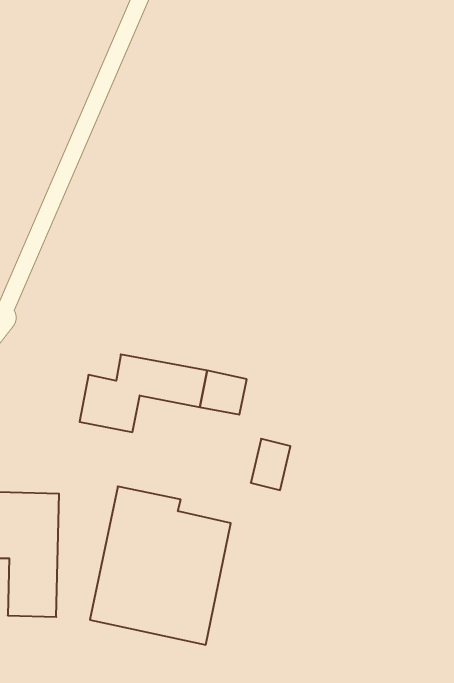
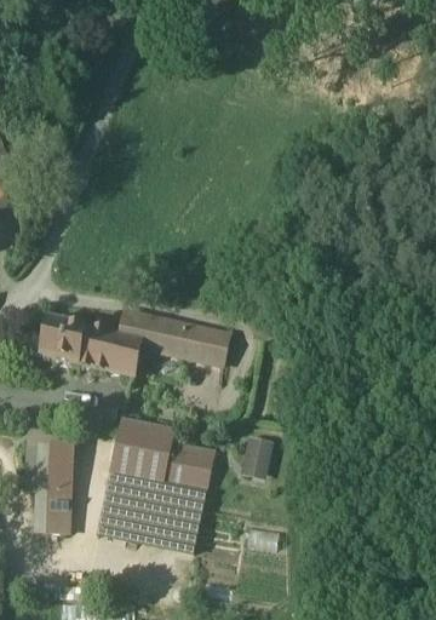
building: none -> [41,318,98,367]
building: [251,439,290,490] -> [240,434,272,476]

